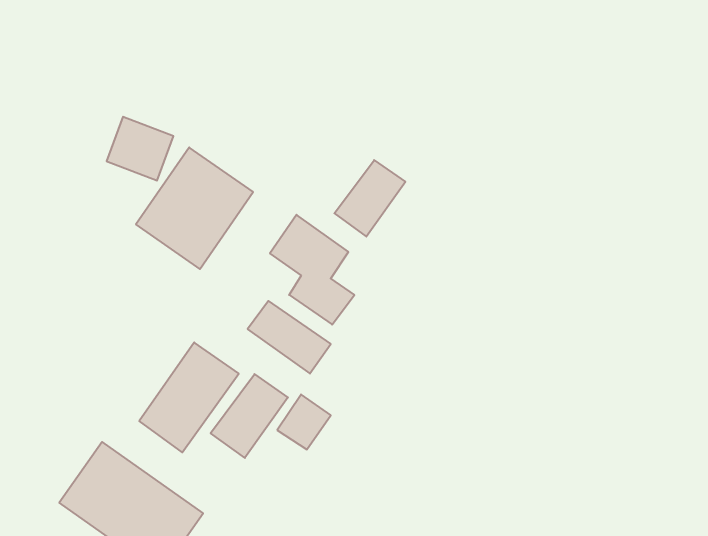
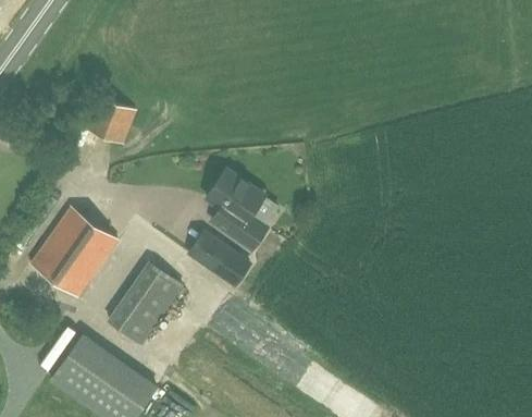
building: [136,147,253,269] -> [32,207,117,296]
building: [334,160,405,237] -> none
building: [211,374,288,458] -> none

